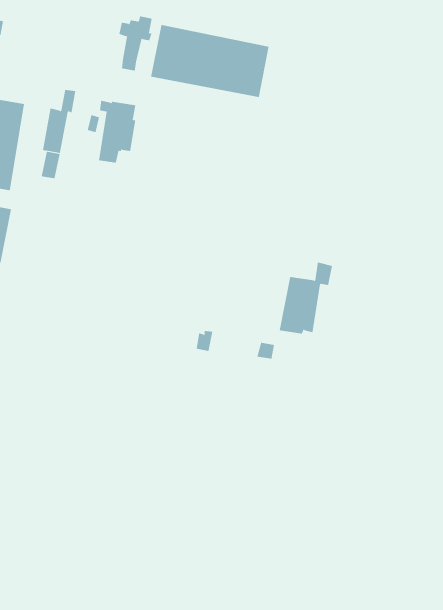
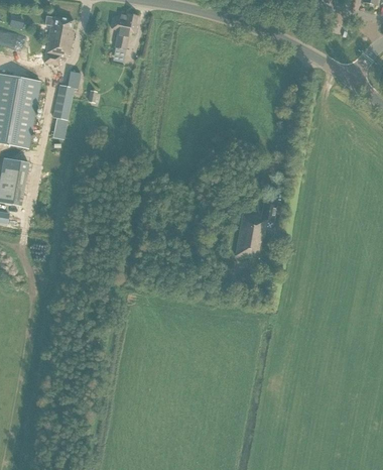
building: [151,24,269,98] -> none
building: [98,100,136,163] -> [43,16,73,65]

